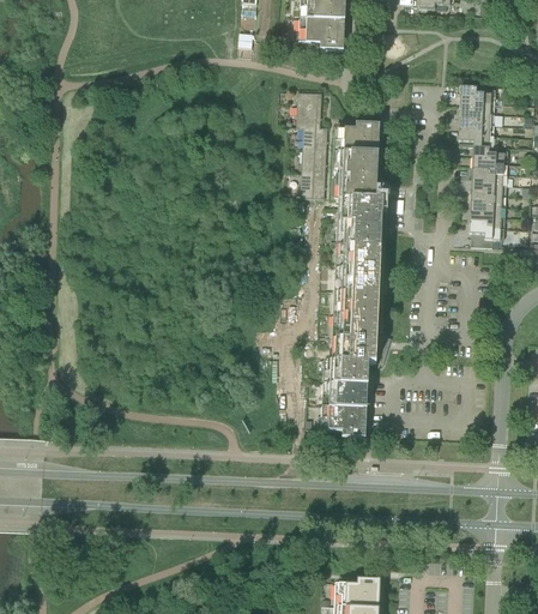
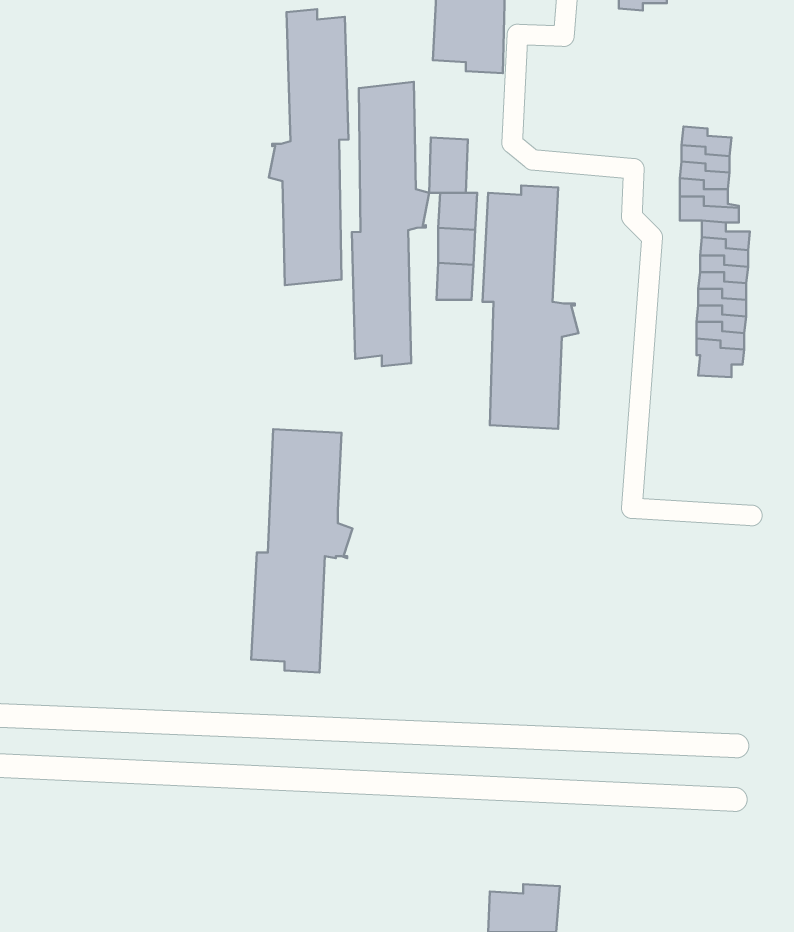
building: none -> [269,9,348,285]
building: none -> [352,82,429,366]
building: [321,277,387,435] -> [251,429,353,672]

